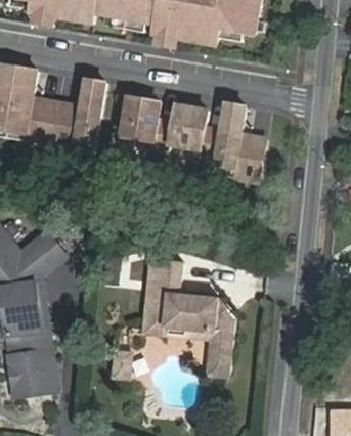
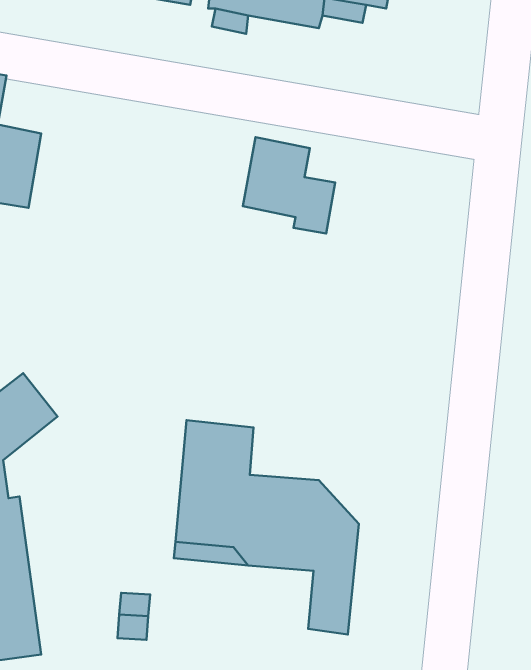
building: [49,76,105,149] -> none
building: [122,93,174,147] -> none
building: [214,100,265,179] -> none

